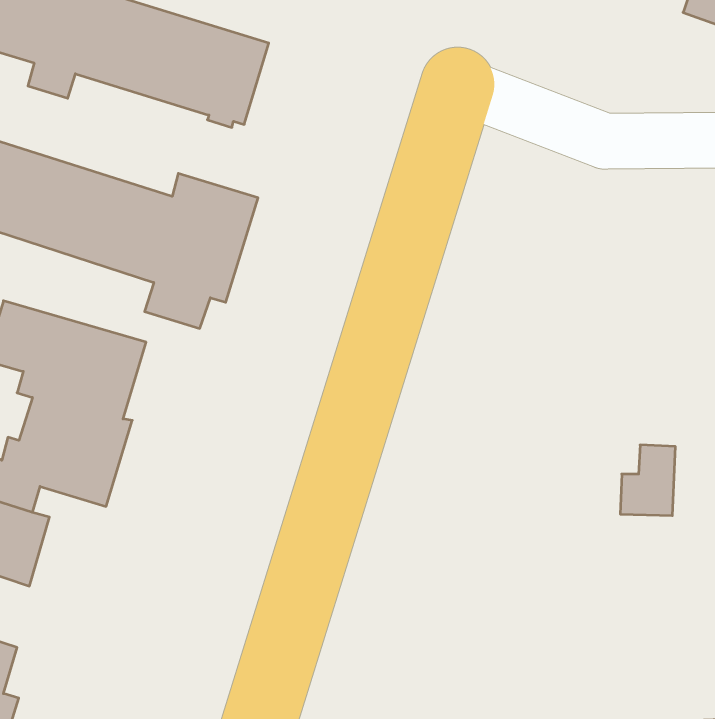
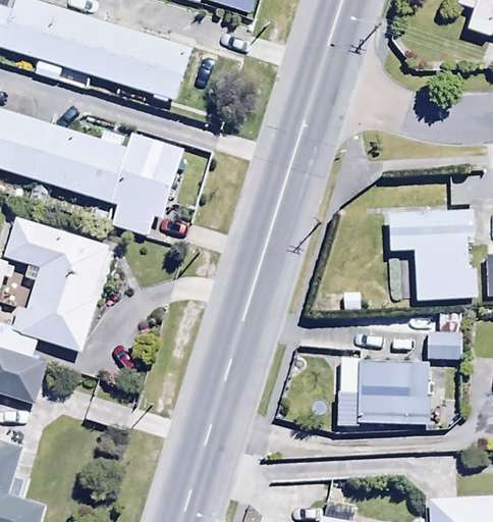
building: none -> [388,210,478,300]
building: none -> [337,362,429,425]

